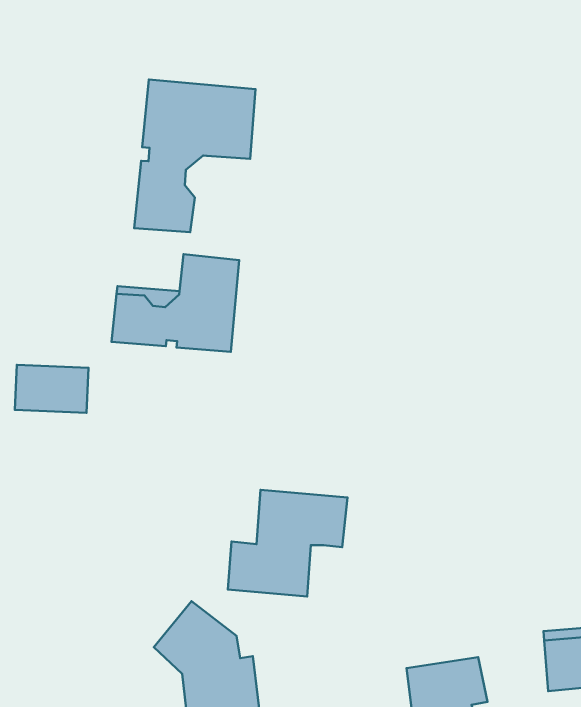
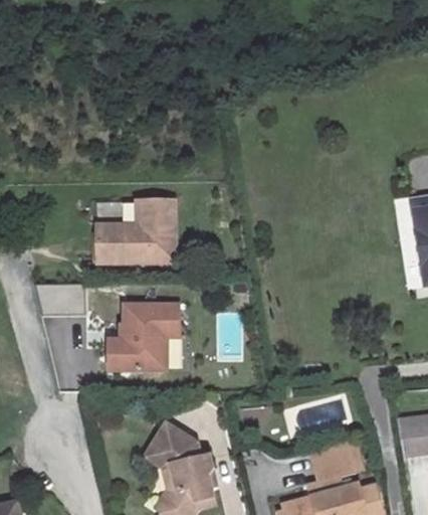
building: [134,80,255,232] -> none
building: [228,490,347,597] -> [110,304,181,371]

